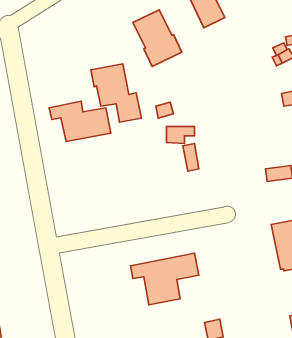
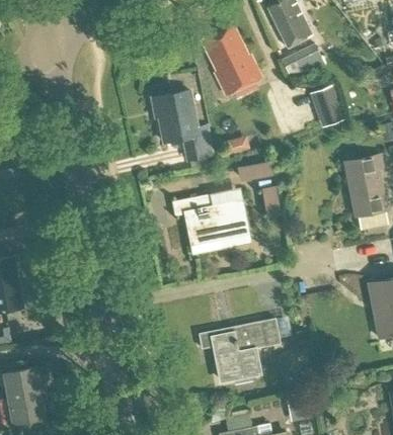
building: none -> [282,44,323,77]
building: none -> [309,85,346,128]
building: [49,101,111,142] -> [172,193,246,242]
building: none -> [344,155,386,215]

